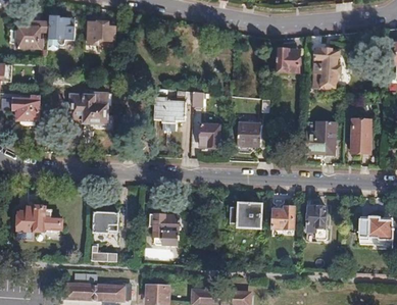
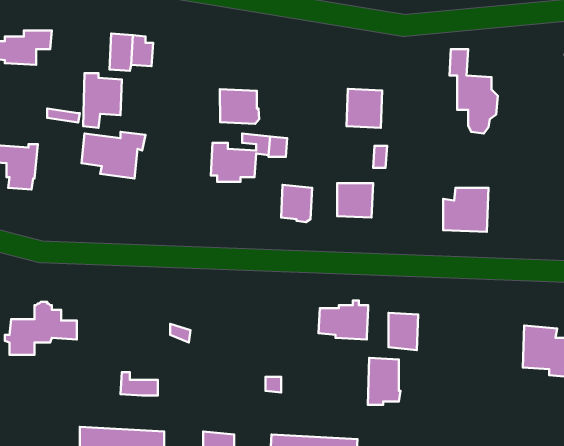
building: [49,15,75,51] -> [83,73,122,128]
building: [275,48,298,73] -> [346,89,382,128]
building: none -> [220,89,259,124]
building: [351,121,370,154] -> none
building: [304,210,326,241] -> [368,358,400,405]
building: [93,212,120,233] -> none
building: [147,213,175,241] -> none

